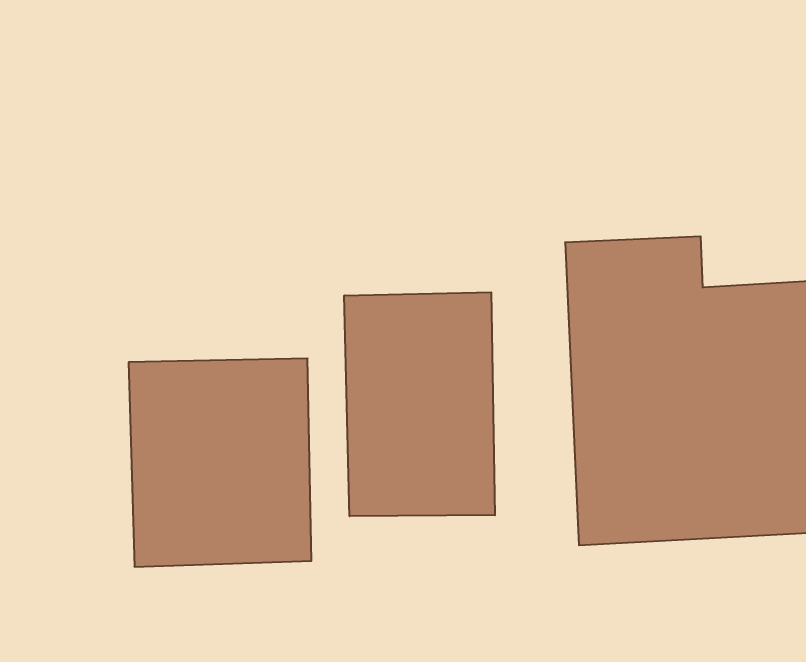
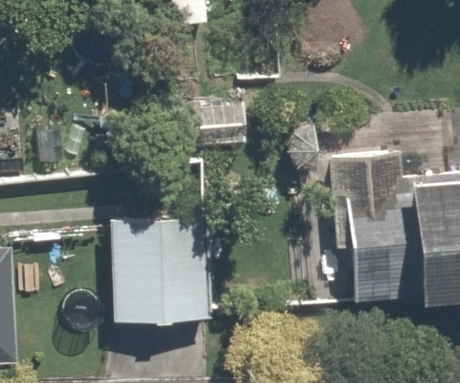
building: [344,292,495,516] -> none

